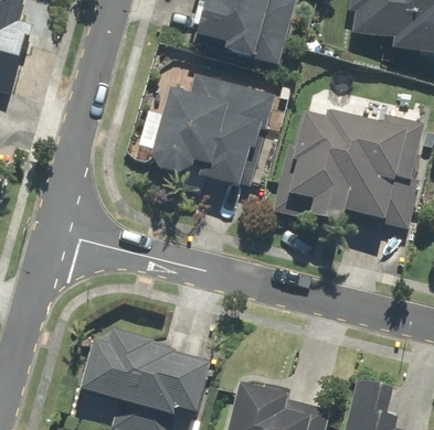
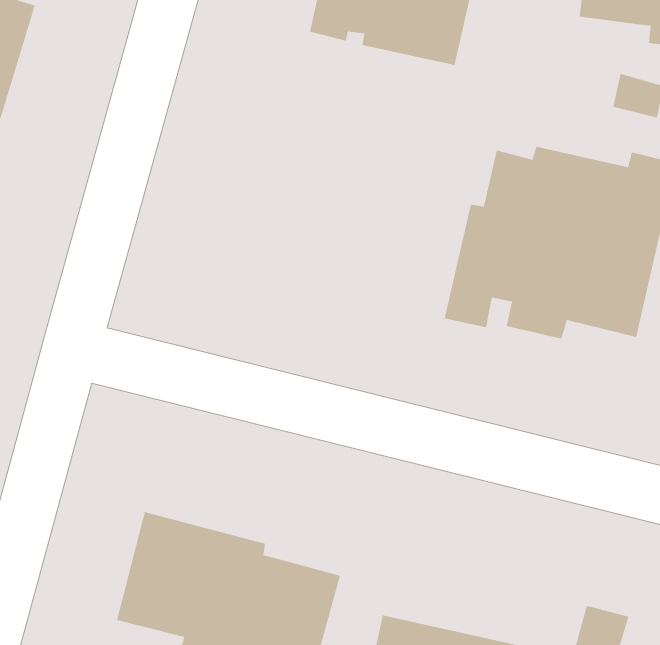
building: [150,72,276,186] -> none

